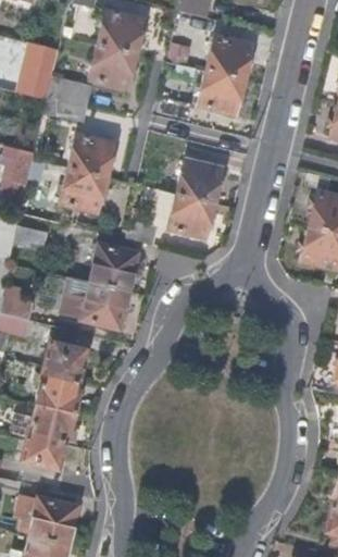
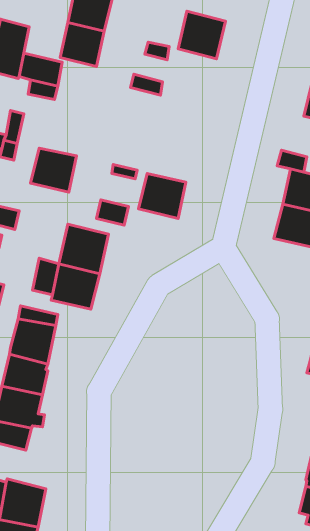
building: [197,72,243,115] -> none
building: [68,134,113,177] -> none
building: [175,158,223,203] -> none

